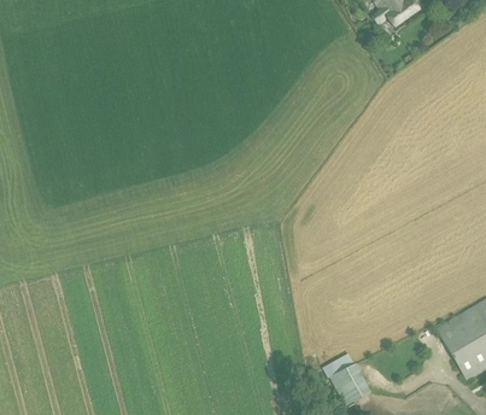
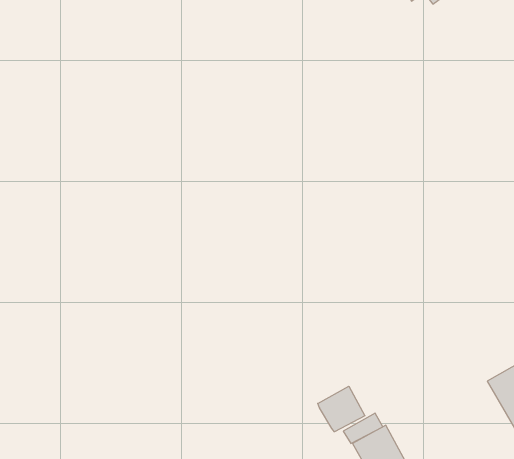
building: none -> [318,386,365,432]

